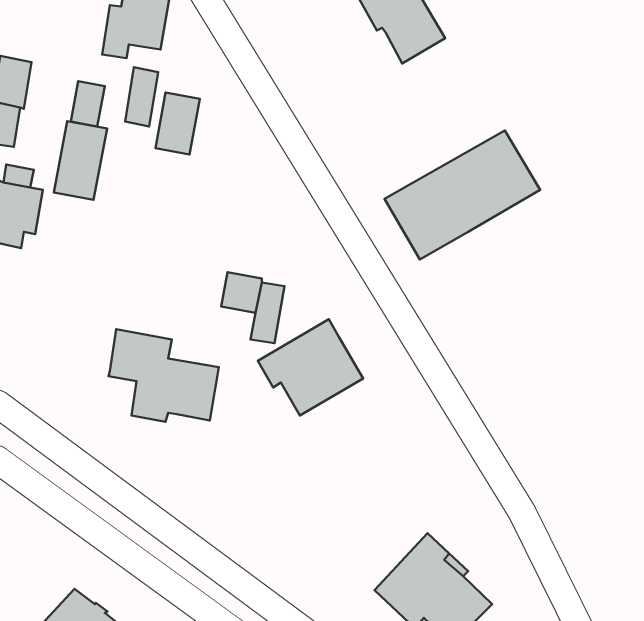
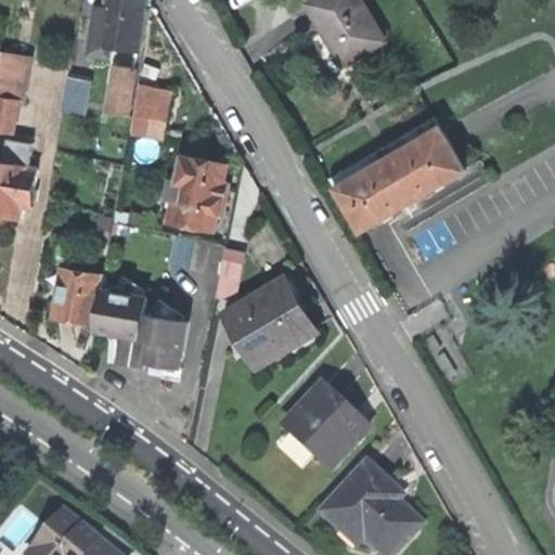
building: [54,121,107,200] -> none
building: none -> [166,155,228,228]
building: none -> [53,266,103,324]
building: none -> [284,386,367,468]

